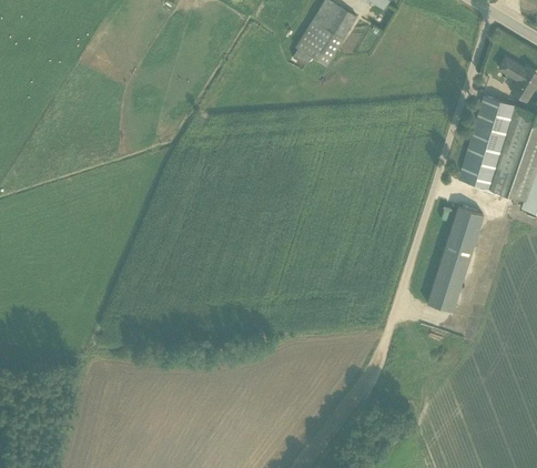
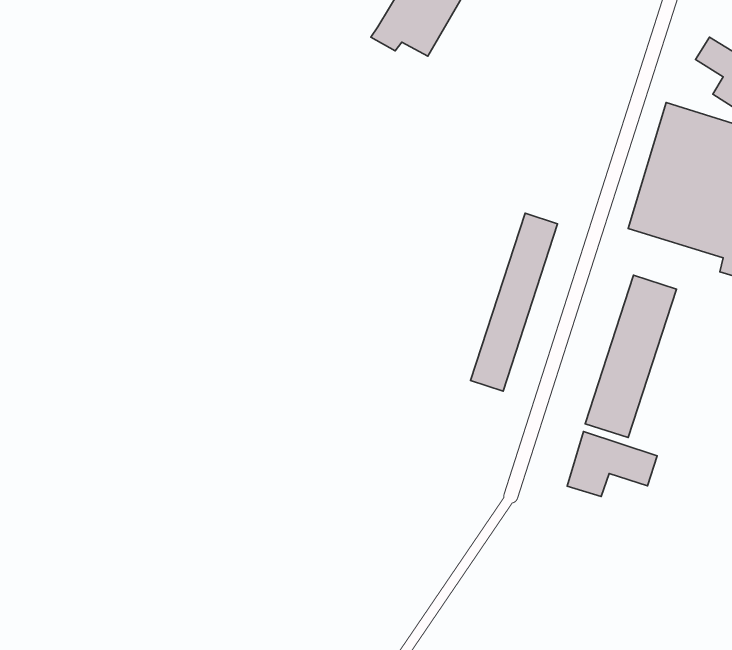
building: none -> [471,213,558,391]
building: none -> [567,432,657,497]

